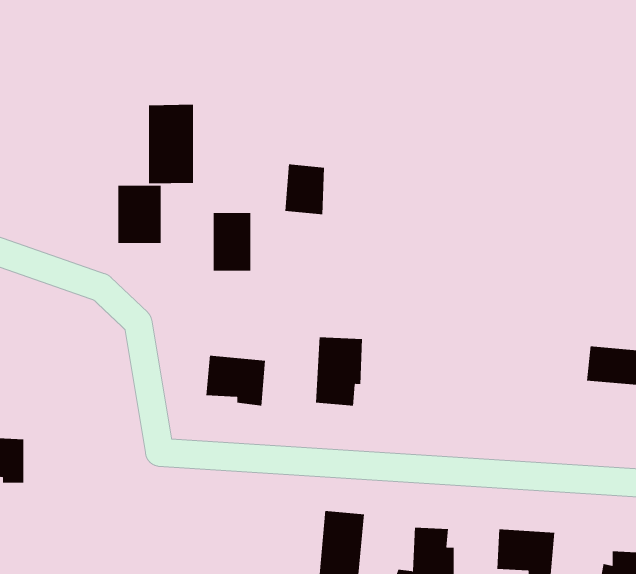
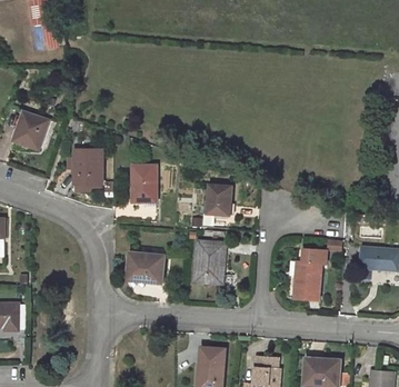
building: [149,104,194,184] -> none
building: none -> [13,111,49,150]
building: [285,164,325,215] -> [207,185,231,216]
building: none -> [290,249,326,300]

